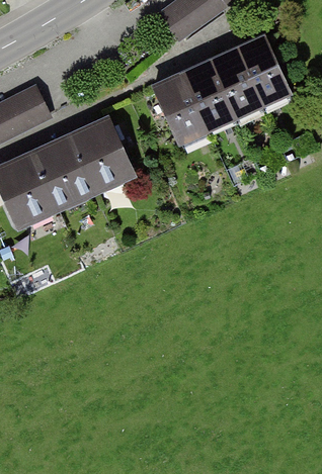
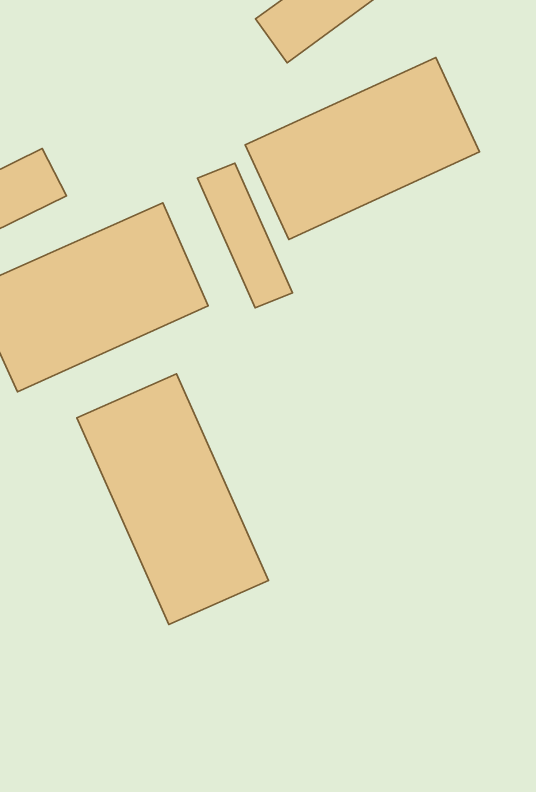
building: none -> [197,163,293,308]
building: none -> [77,374,269,624]

